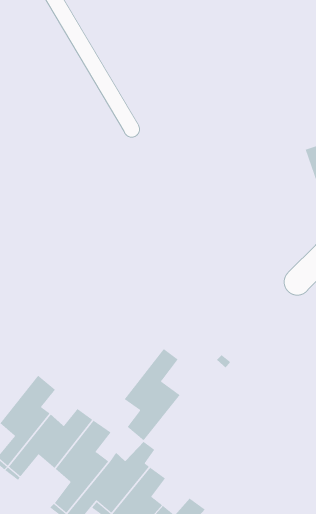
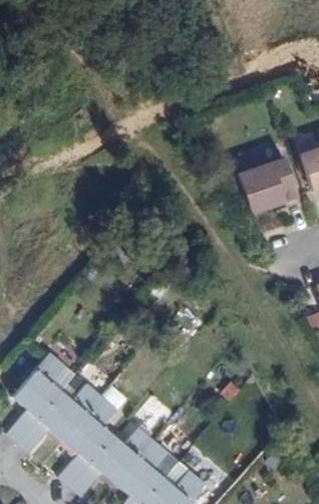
building: none -> [241,158,302,211]
building: [124,348,181,441] -> none

